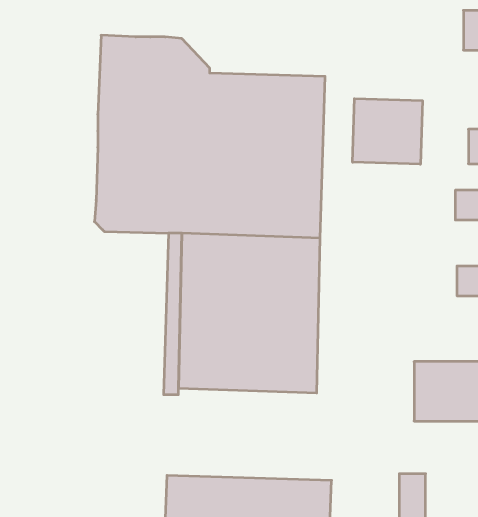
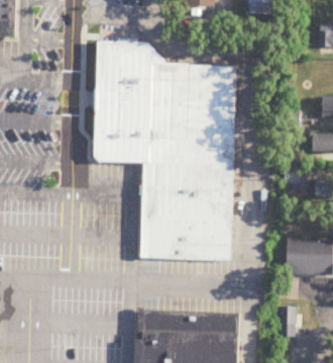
building: [353,99,422,164] -> none

